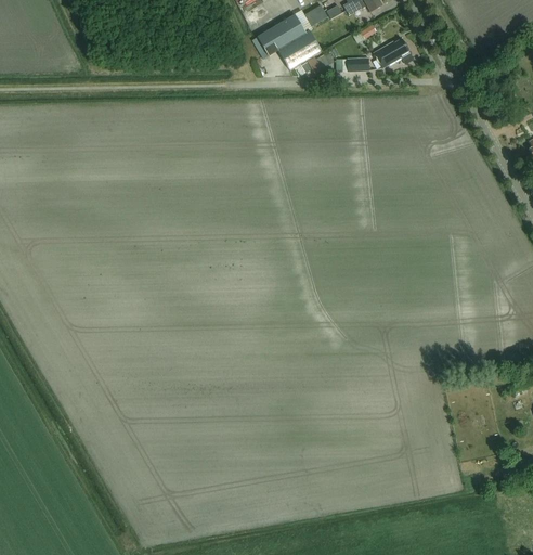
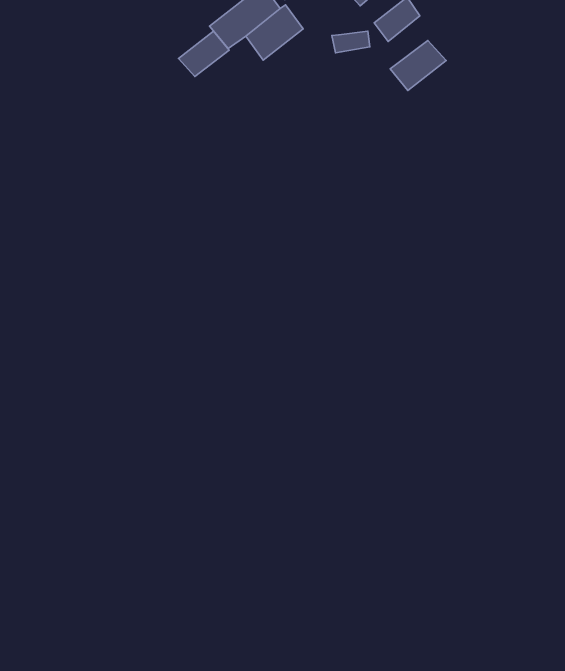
building: none -> [178,31,229,76]
building: none -> [390,40,446,91]

